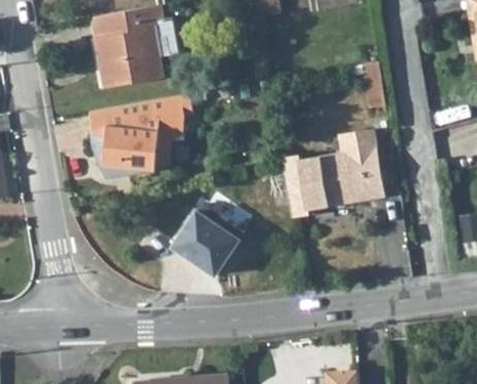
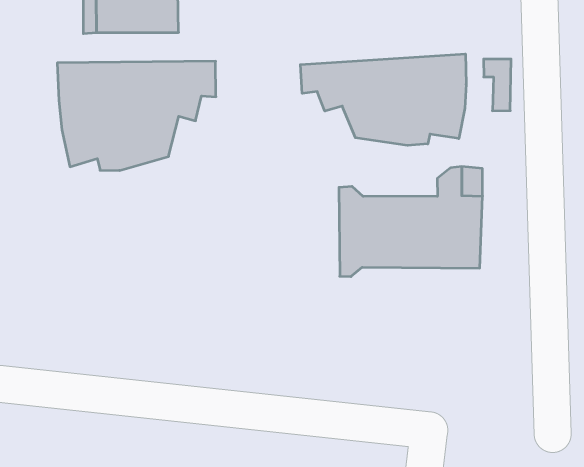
building: none -> [300,54,466,145]
building: [173,206,243,275] -> none

